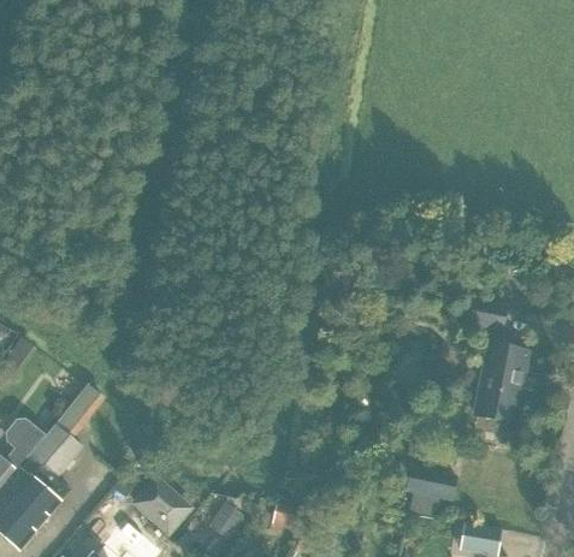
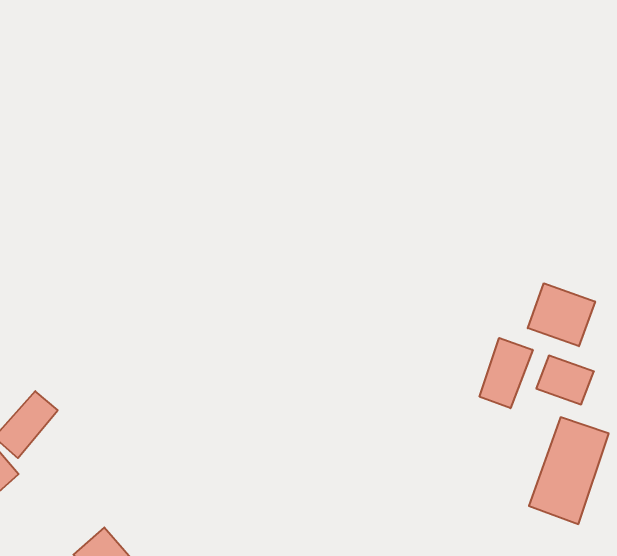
building: none -> [528,283,595,346]
building: none -> [480,338,533,408]

